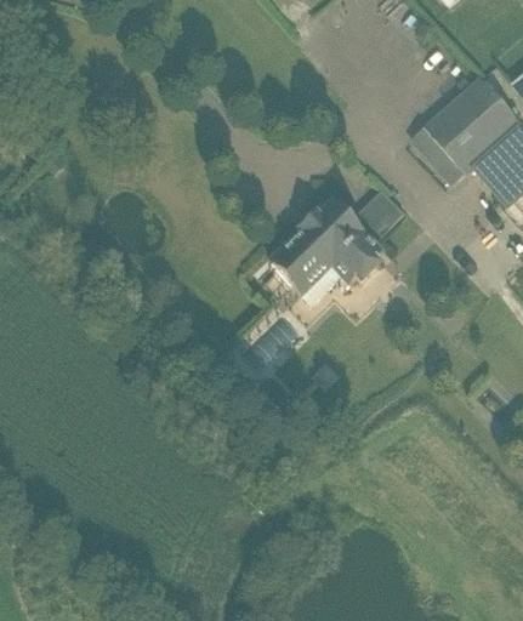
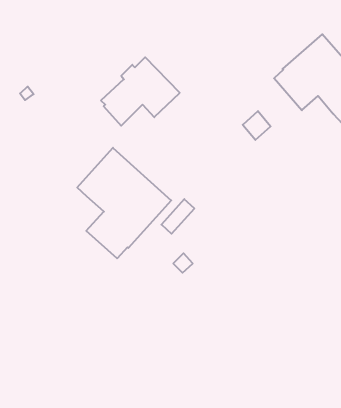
building: [271,201,383,300] -> [101,57,180,126]
building: none -> [77,148,171,258]

